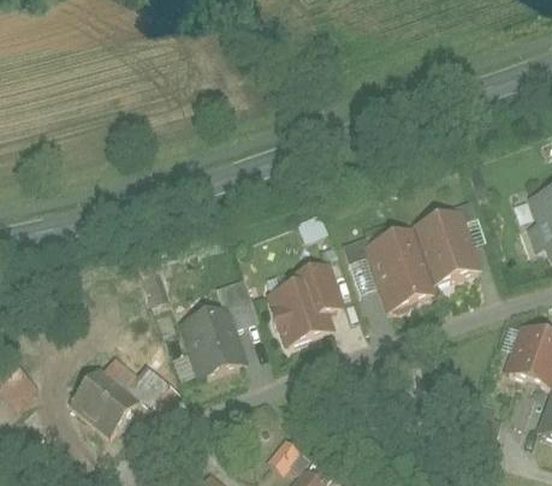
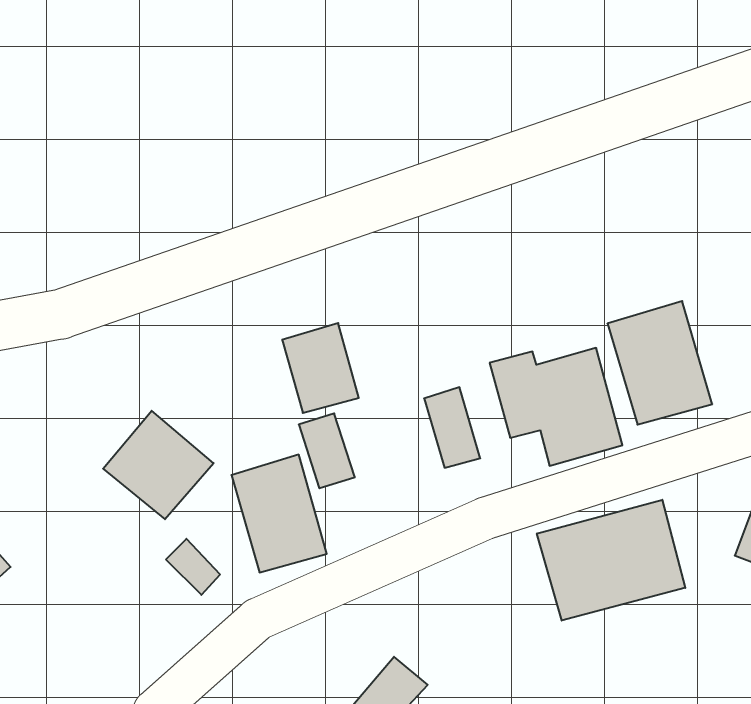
building: [267,283,316,340] -> [282,323,359,413]
building: none -> [537,500,685,621]
building: [75,361,146,431] -> [103,411,214,519]

